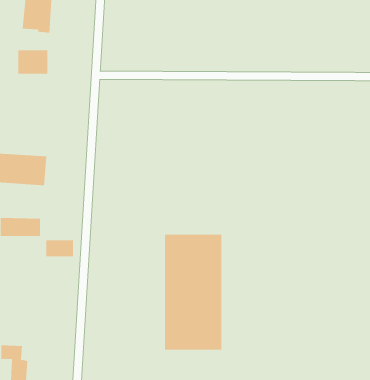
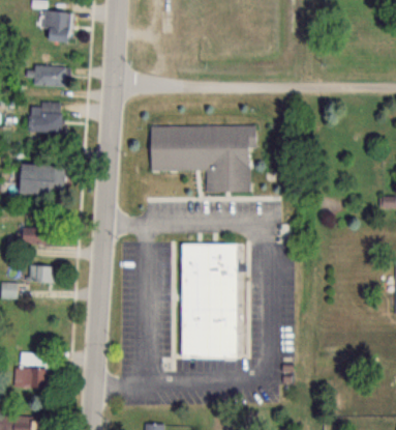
building: none -> [28,103,62,133]
building: none -> [150,125,257,192]
building: [45,240,74,257] -> [29,266,57,283]

